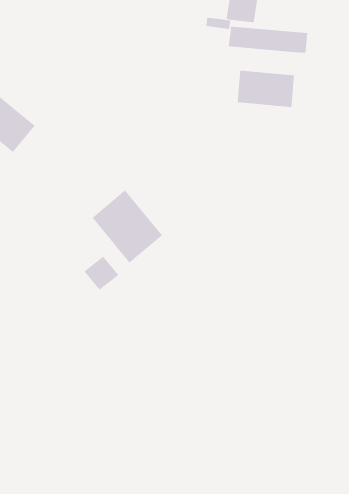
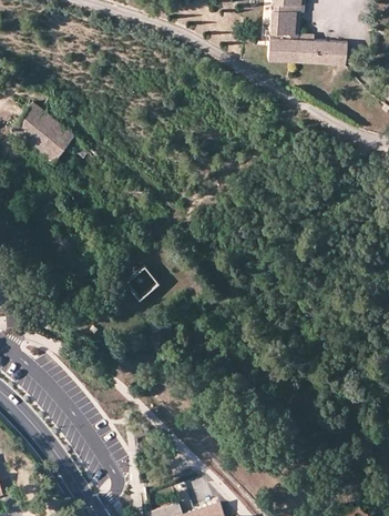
building: [237,70,294,108] -> none
building: [92,190,163,263] -> none

